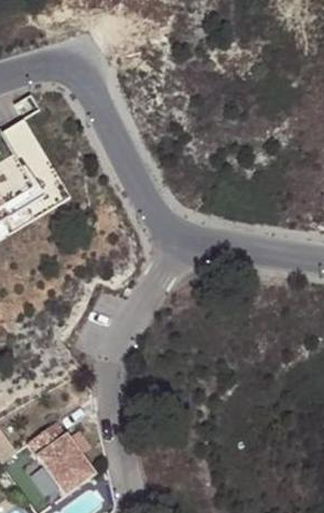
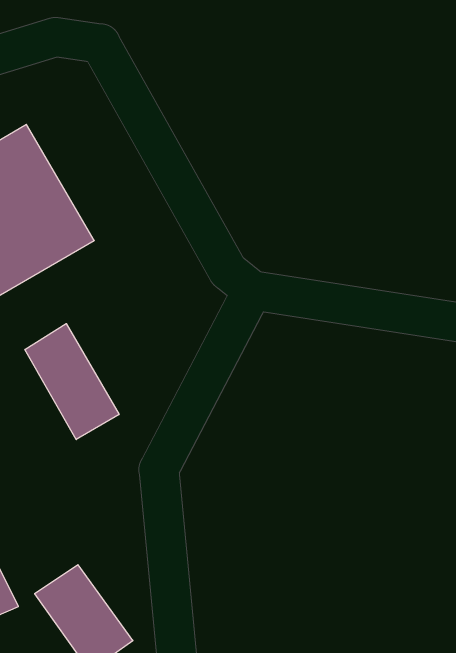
building: none -> [25,324,119,440]

